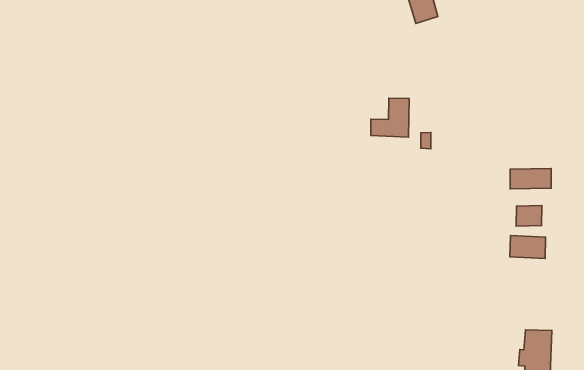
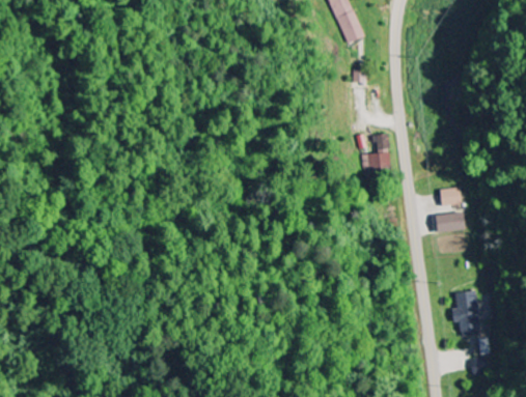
building: [371,98,409,137] -> [360,134,392,167]
building: [510,169,551,189] -> none

